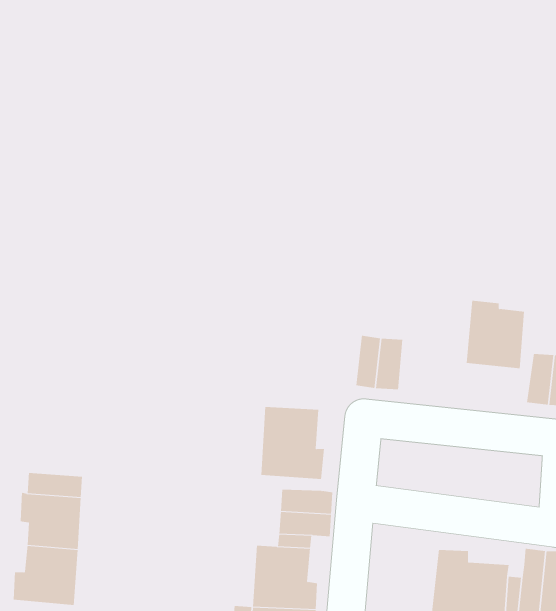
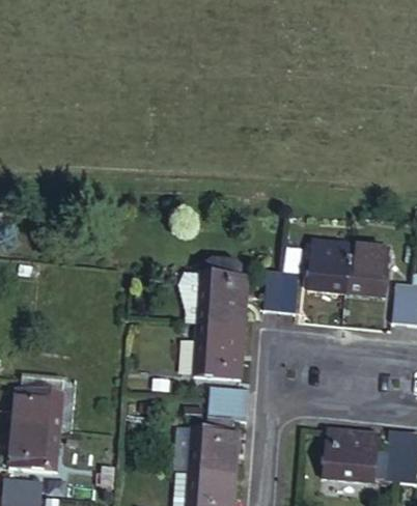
building: none -> [308,244,351,292]
building: none -> [197,273,248,327]

